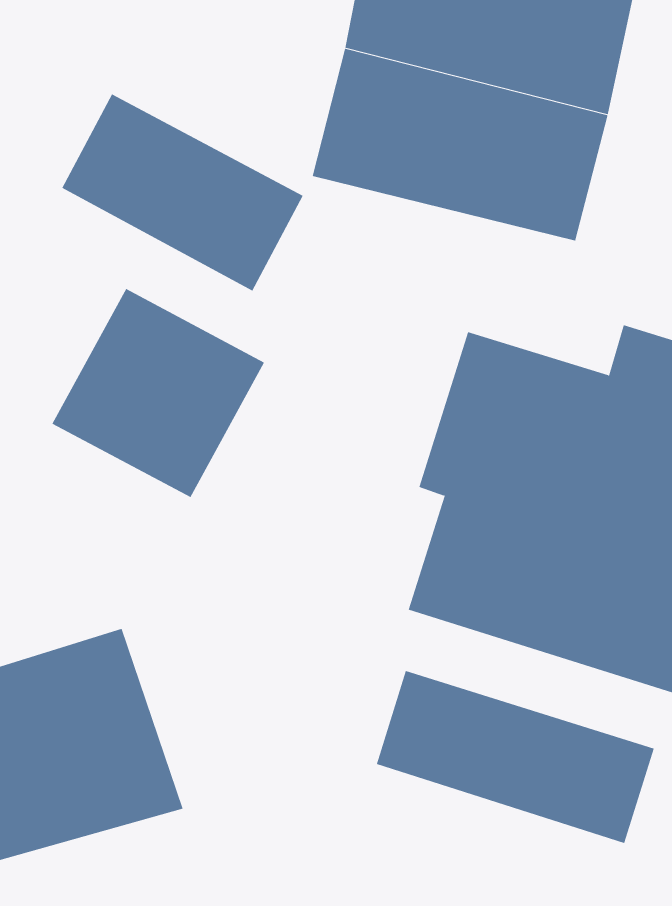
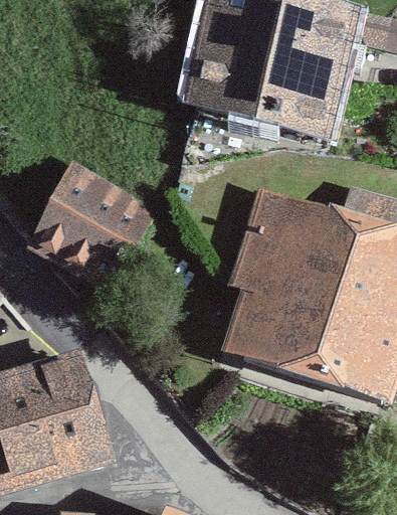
building: [62,93,303,291] -> none
building: [376,670,654,844] -> none

